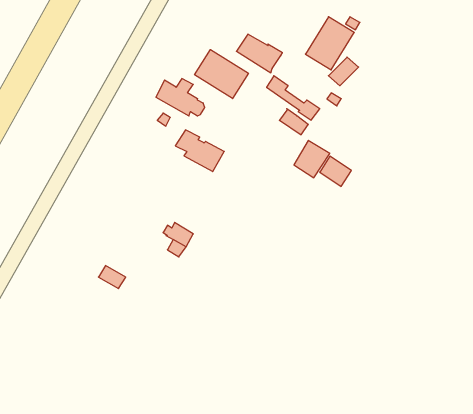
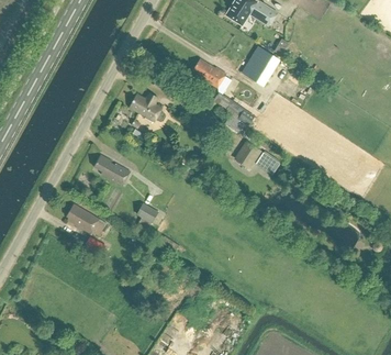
building: [195,50,248,99] -> none
building: [175,130,224,172] -> [93,154,131,186]
building: none -> [67,203,99,233]

